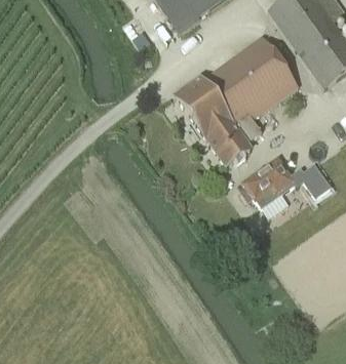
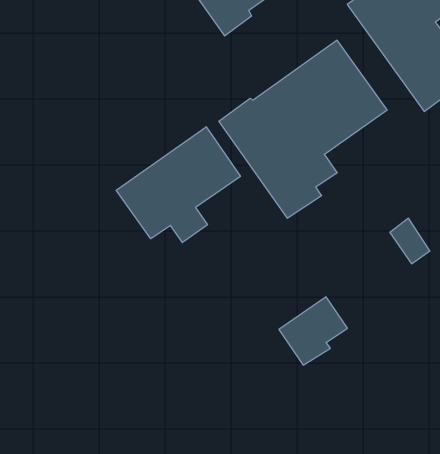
building: none -> [116,127,240,243]
building: [242,156,292,205] -> [279,297,347,365]

